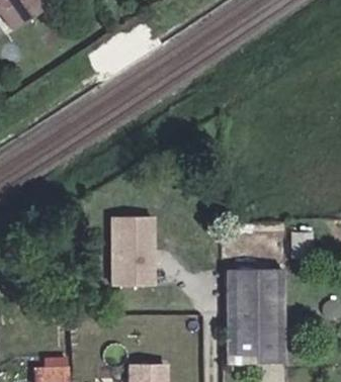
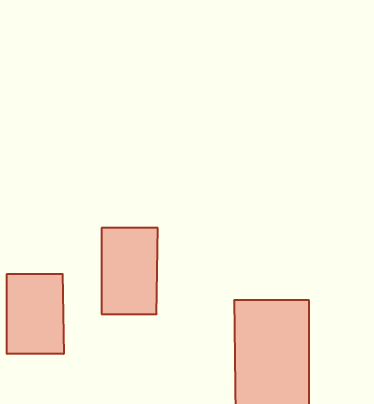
building: none -> [7,274,64,354]

